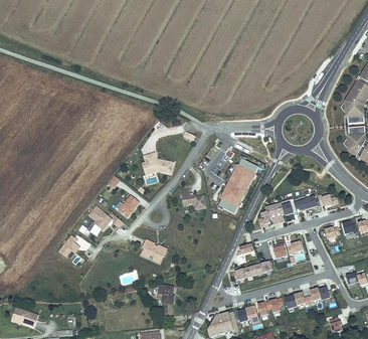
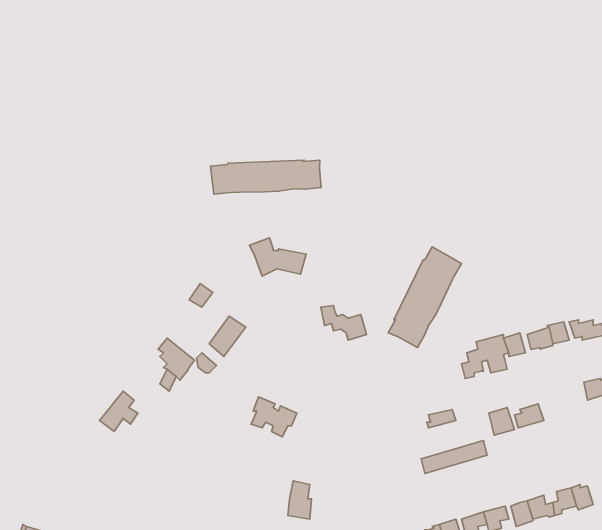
building: none -> [211,160,321,194]

